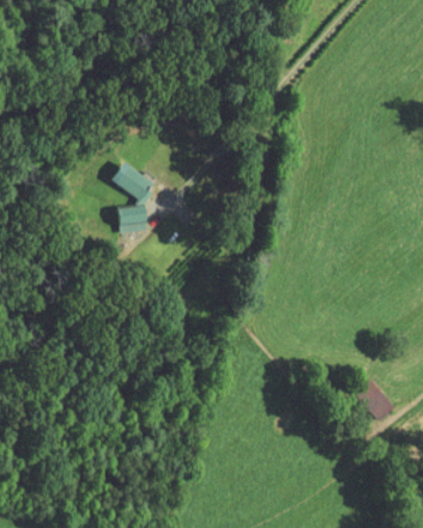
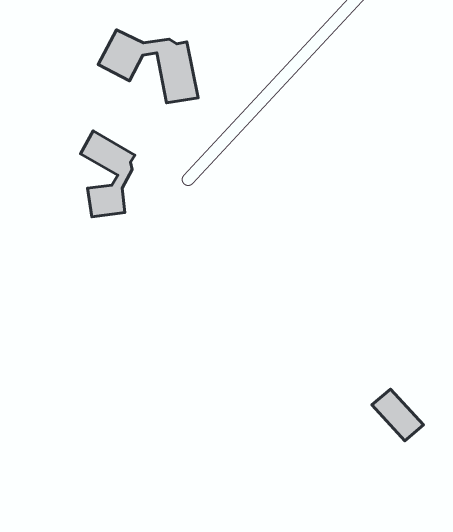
building: none -> [98,30,198,103]

